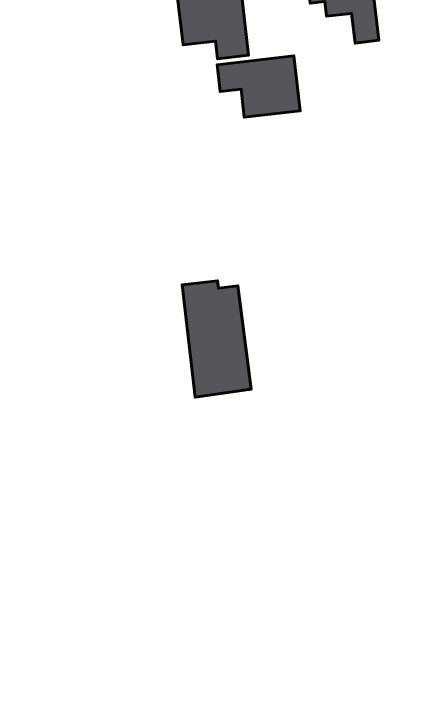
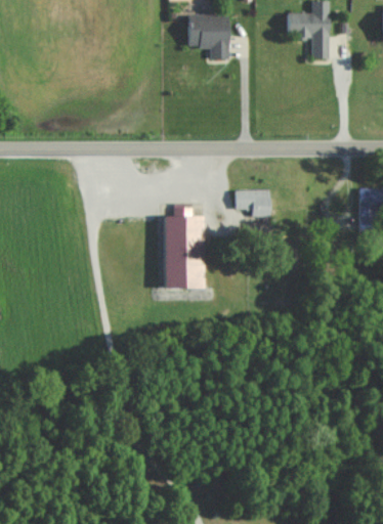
building: [217,56,300,117] -> none
building: none -> [233,188,271,216]

